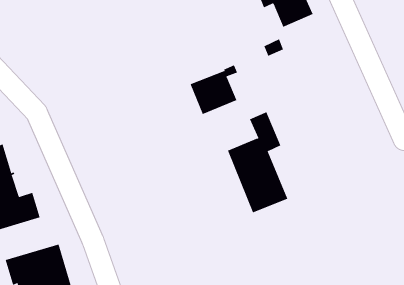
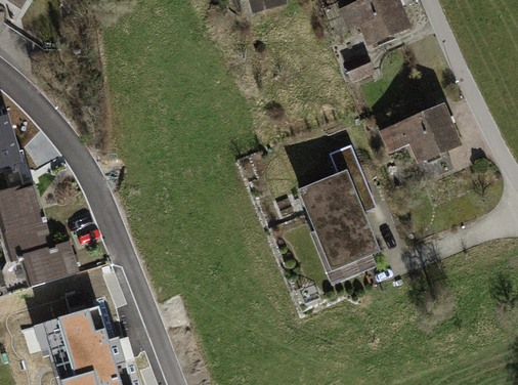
building: [190,64,238,115] -> none
building: none -> [382,109,457,181]

